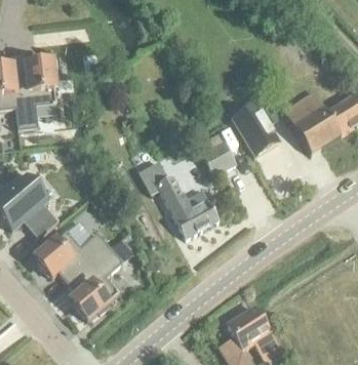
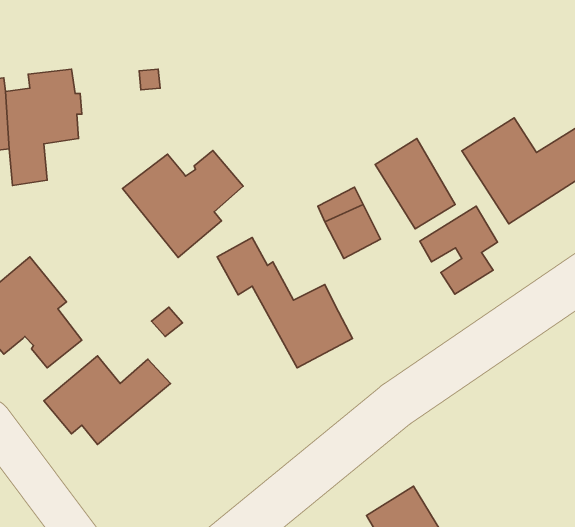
building: none -> [123,150,243,257]
building: none -> [420,206,498,294]
building: [67,237,130,319] -> none

